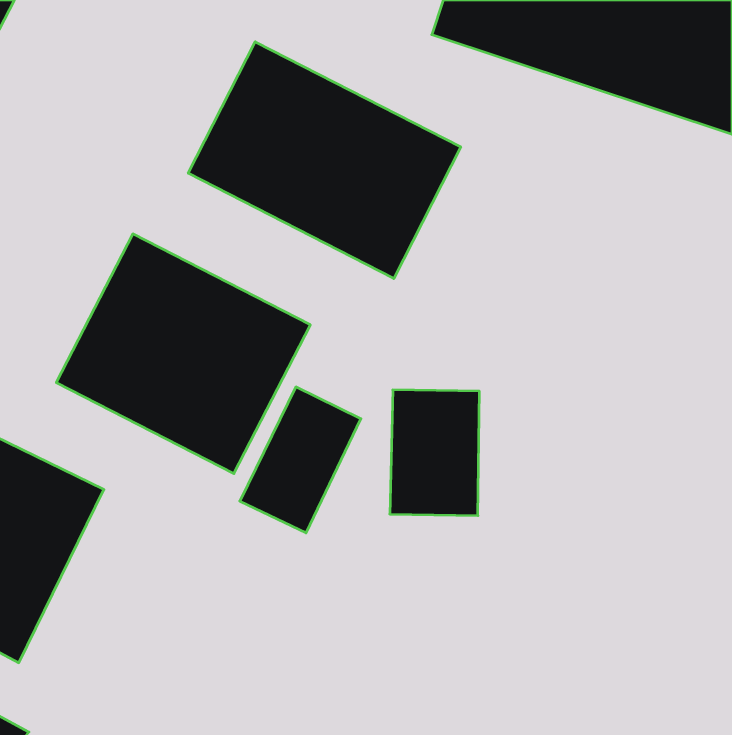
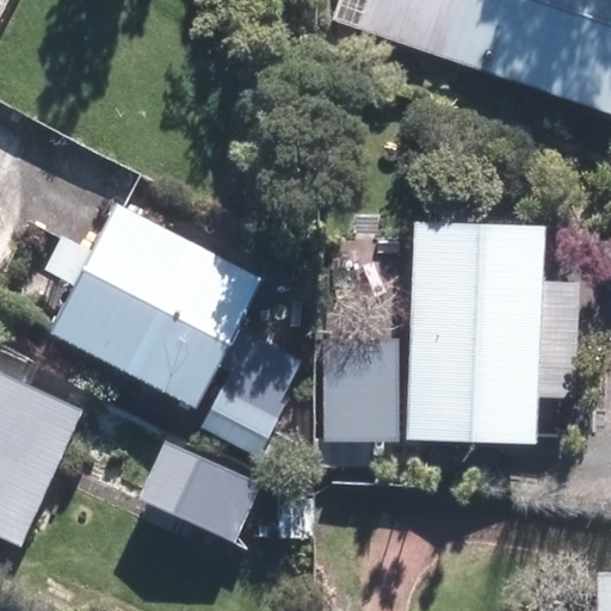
building: [188,42,461,279] -> none
building: none -> [409,228,537,444]
building: none -> [141,444,279,549]

